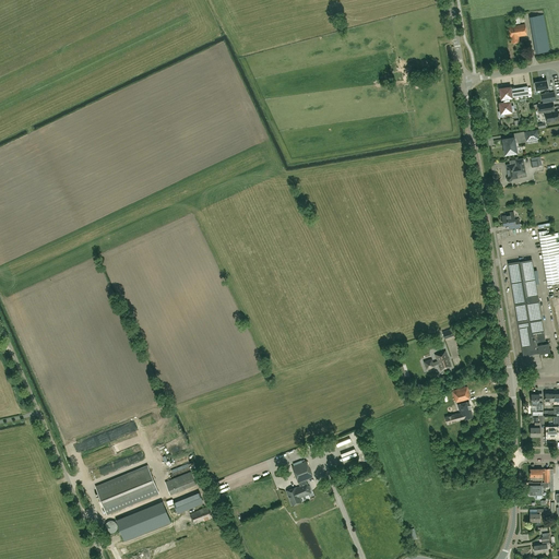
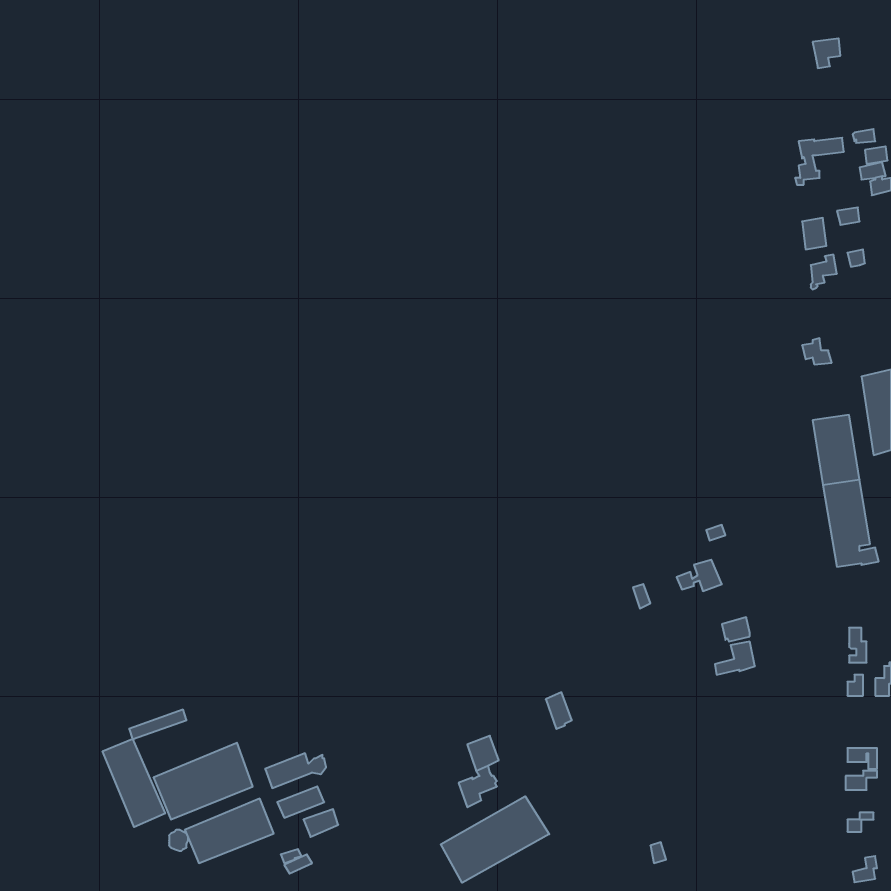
building: [530,15,550,53] -> none
building: none -> [103,739,165,827]
building: none -> [441,796,549,883]

